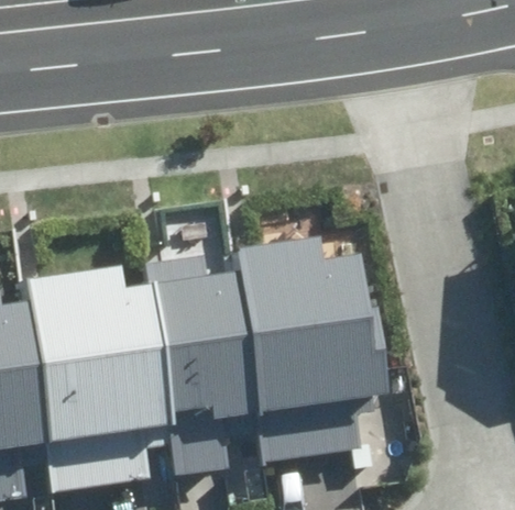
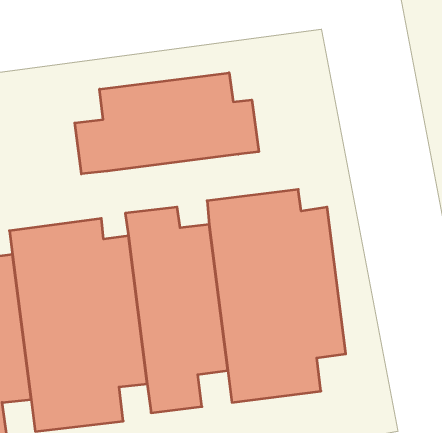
building: none -> [75,73,259,174]

